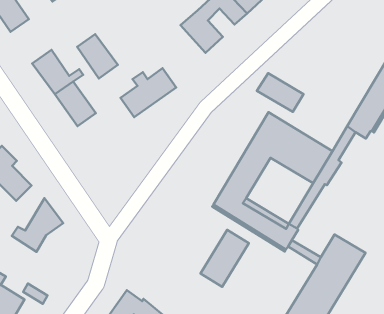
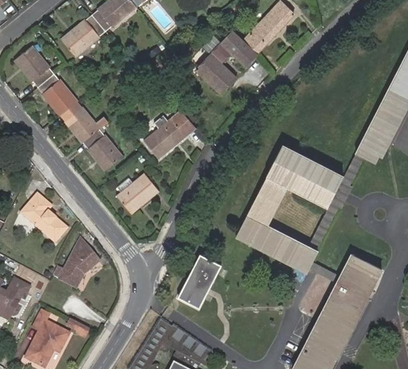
building: [77,34,118,79] -> [38,74,77,115]
building: [257,73,303,112] -> none
building: none -> [117,174,158,213]
building: [200,230,249,287] -> [178,254,221,307]

